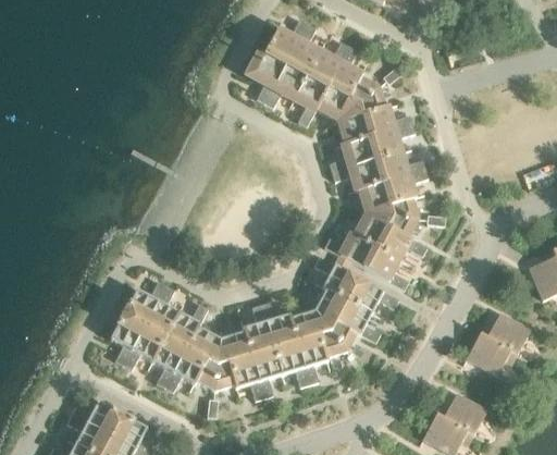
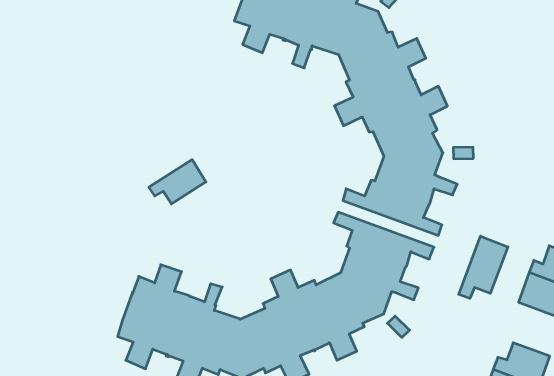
building: none -> [149,160,206,204]
building: none -> [459,236,508,298]

